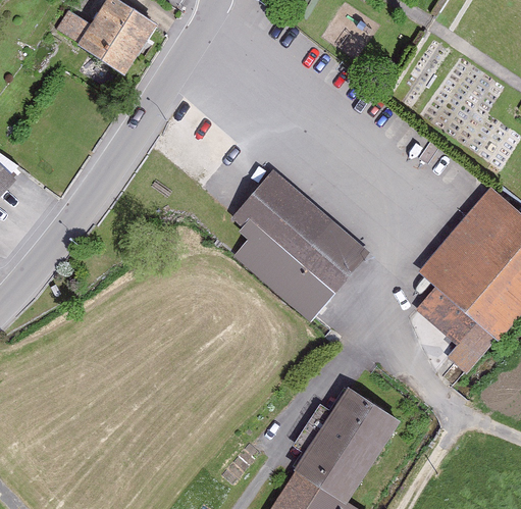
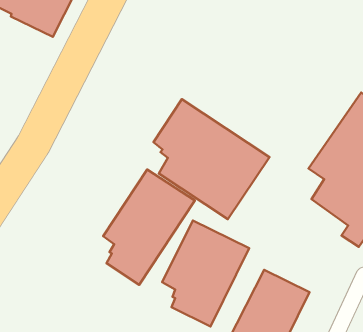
building: none -> [103,170,195,285]
building: none -> [162,221,249,326]

